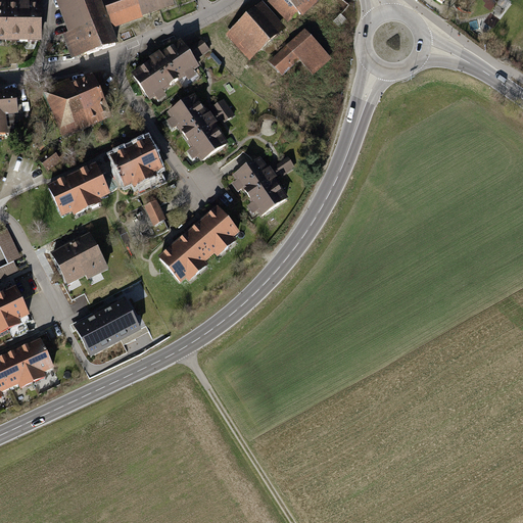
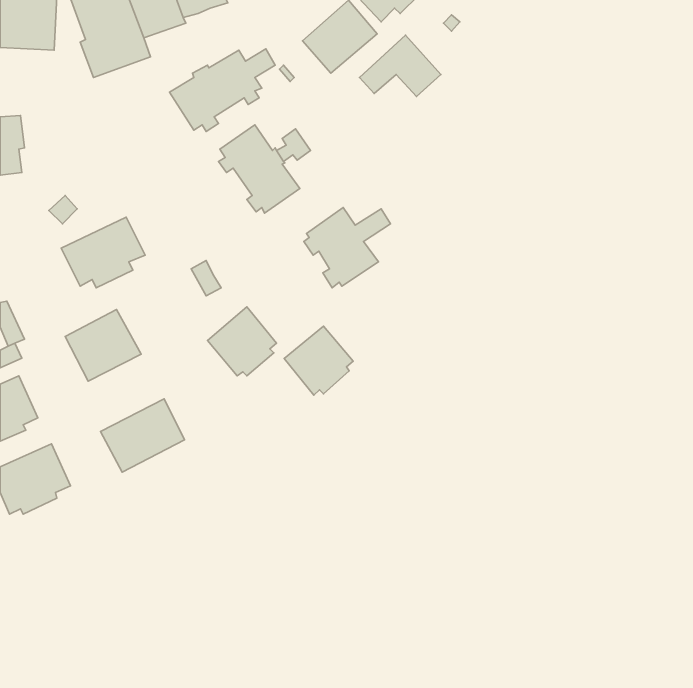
building: [39,68,107,136] -> none
building: [108,140,161,188] -> none
building: [186,206,238,258] -> [284,326,353,395]

